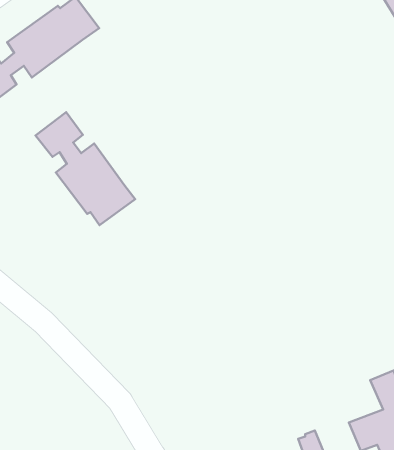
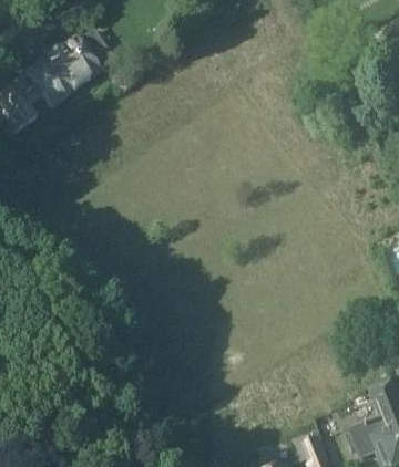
building: [36,112,135,225] -> none

